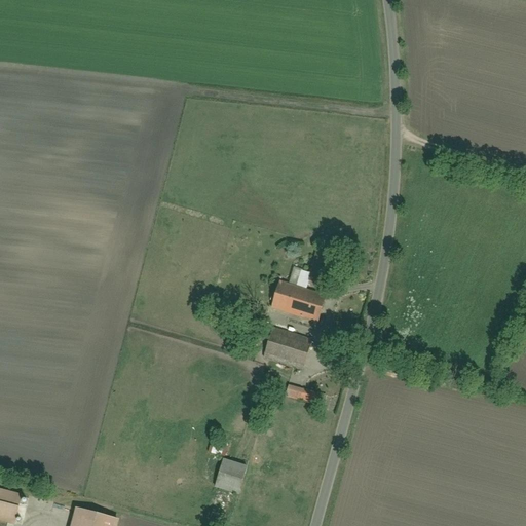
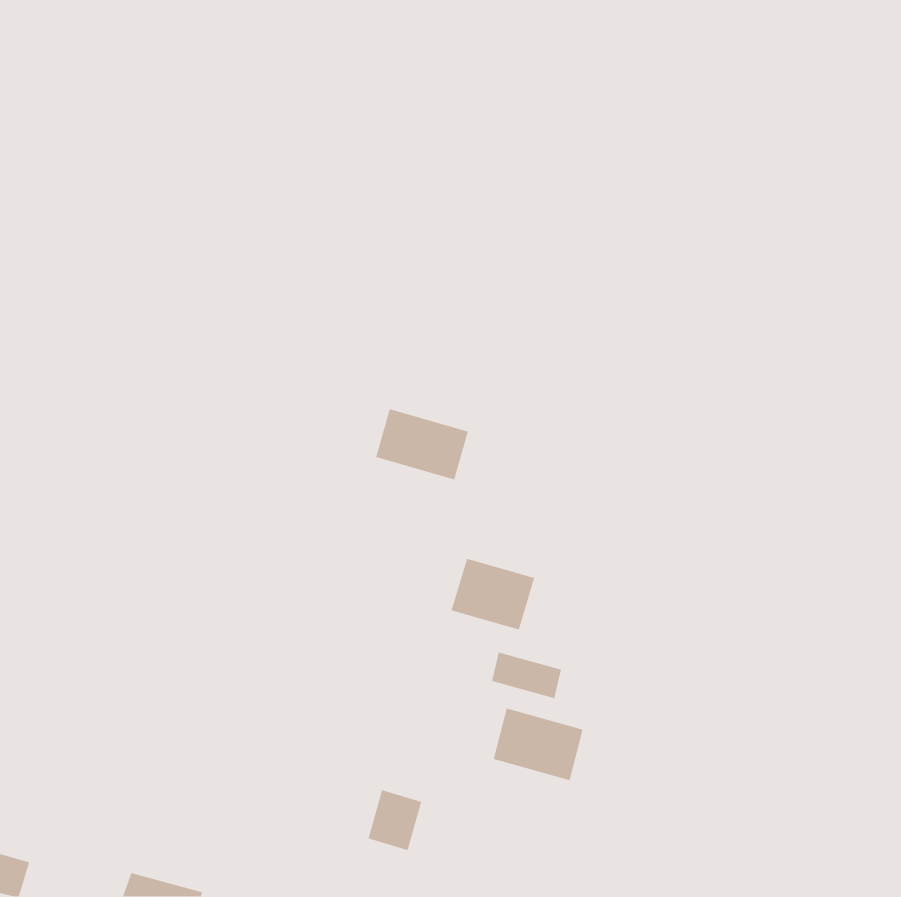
building: [270,280,325,323] -> [375,408,469,480]
building: none -> [493,708,583,781]

